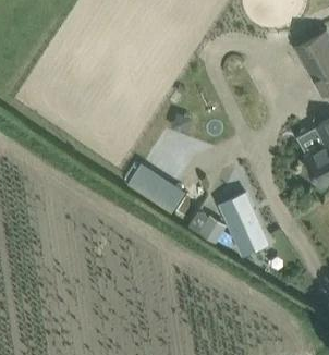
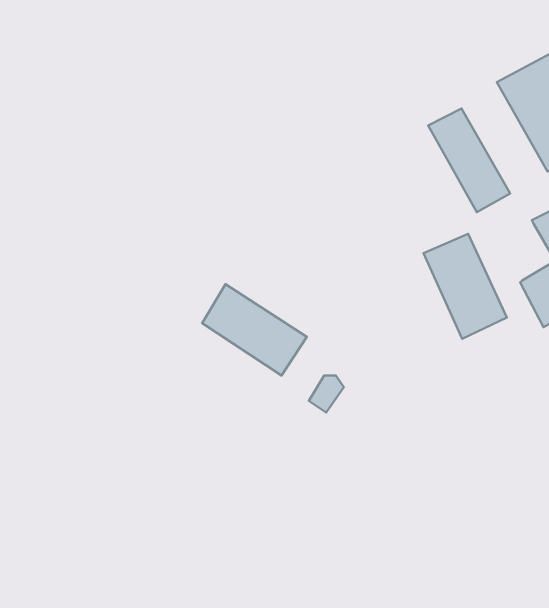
building: none -> [428,108,510,212]
building: [220,197,267,256] -> [423,234,507,339]

